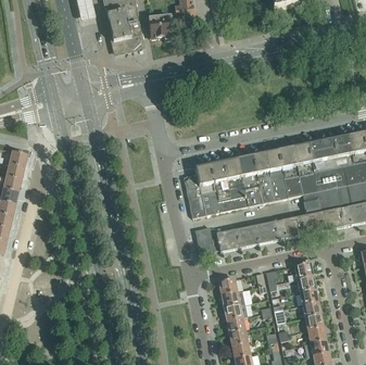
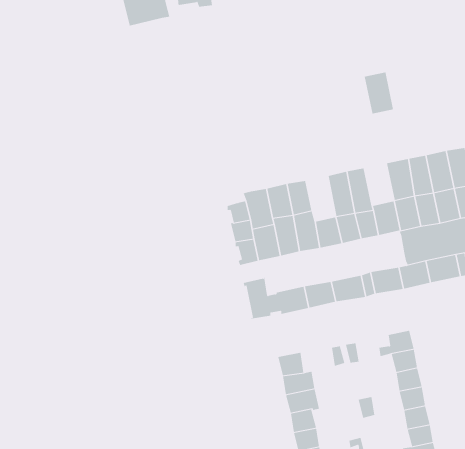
building: [278,146,299,175] -> [364,72,394,114]
building: [238,154,258,186] -> none

